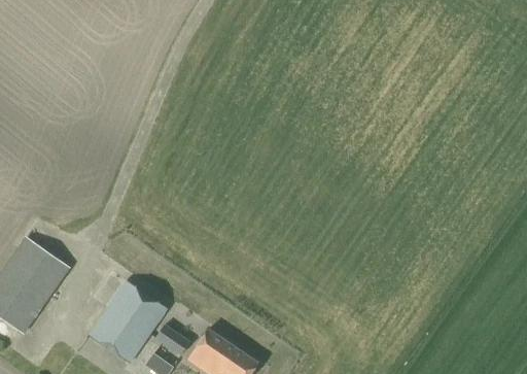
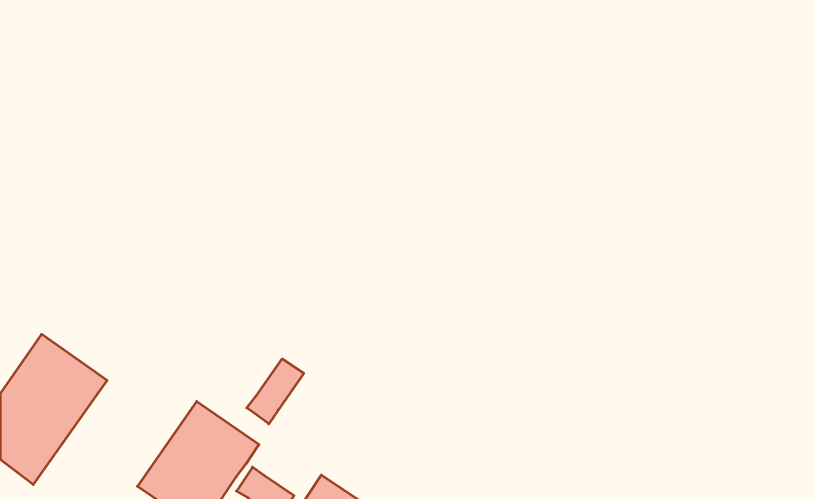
building: none -> [247,359,304,424]

